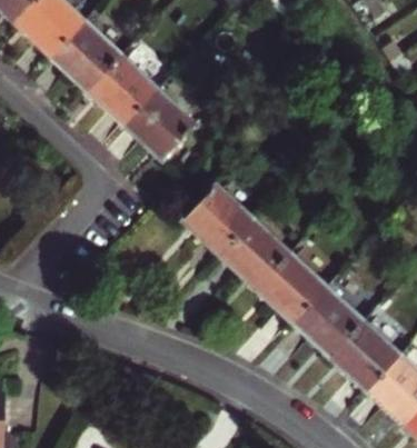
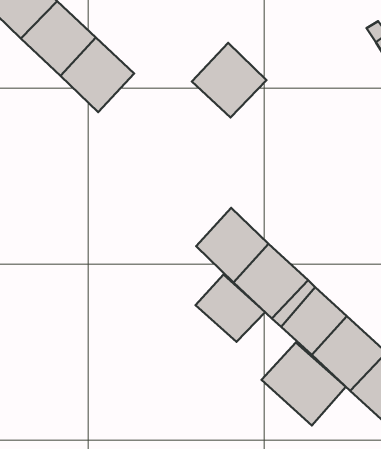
building: [125,89,196,160] -> [192,43,267,118]
building: [182,185,251,253] -> none
building: none -> [195,274,265,342]
building: none -> [262,342,346,426]

